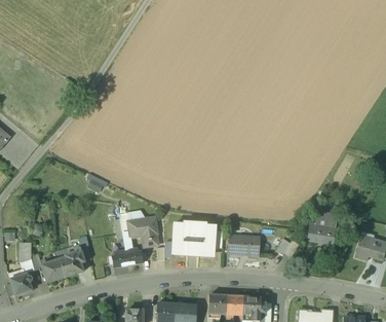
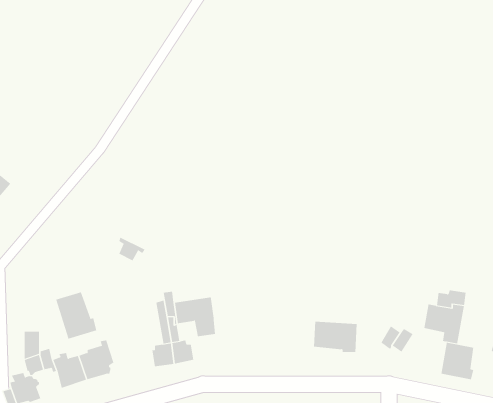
building: none -> [56,291,97,339]
building: [172,221,216,254] -> none
building: none -> [441,342,474,380]

